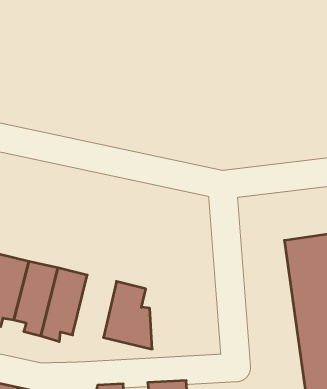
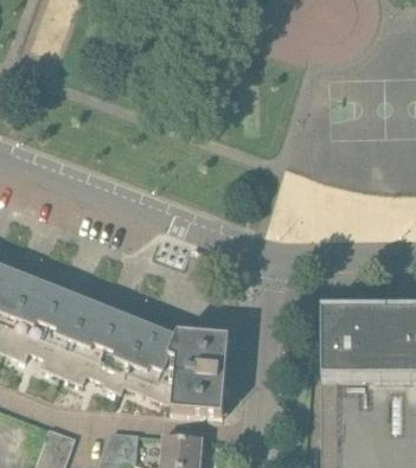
building: none -> [95,309,147,382]
building: none -> [168,326,230,408]

